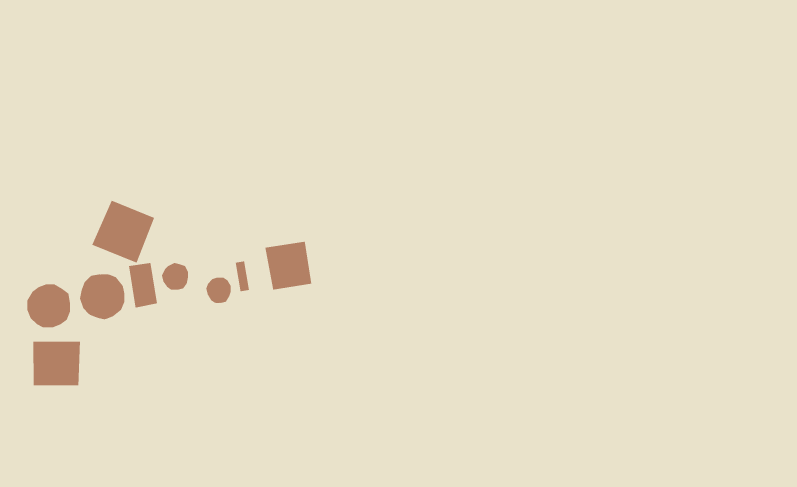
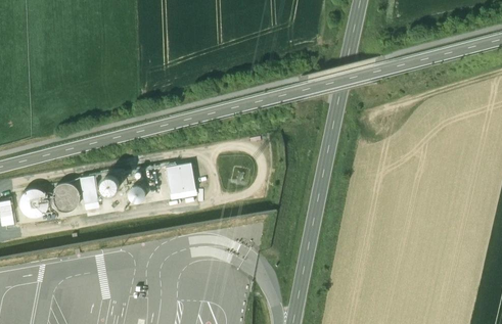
building: [92,200,155,263] -> none
building: [33,341,81,386] -> none

